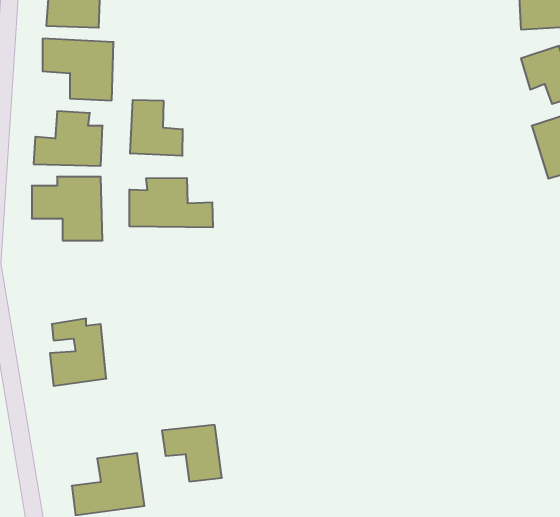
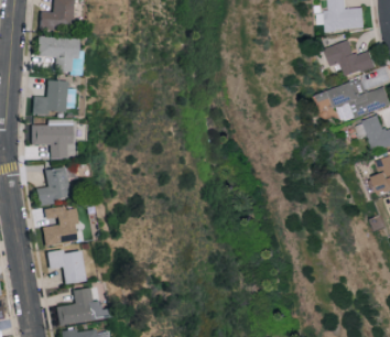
building: [130,100,183,156] -> none
building: [130,178,213,227] -> none
building: none -> [35,166,71,206]
building: [162,425,222,481] -> [46,249,83,283]

